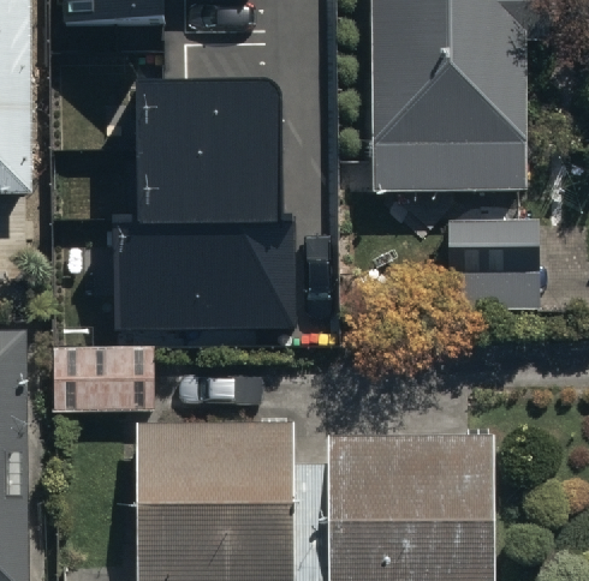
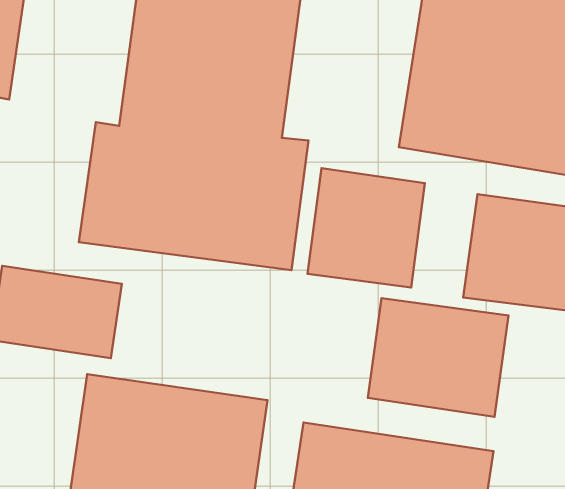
building: none -> [308,168,425,287]
building: none -> [368,298,508,417]

